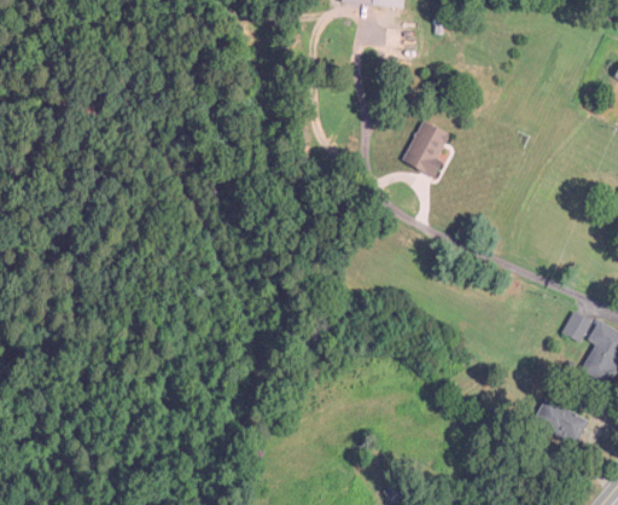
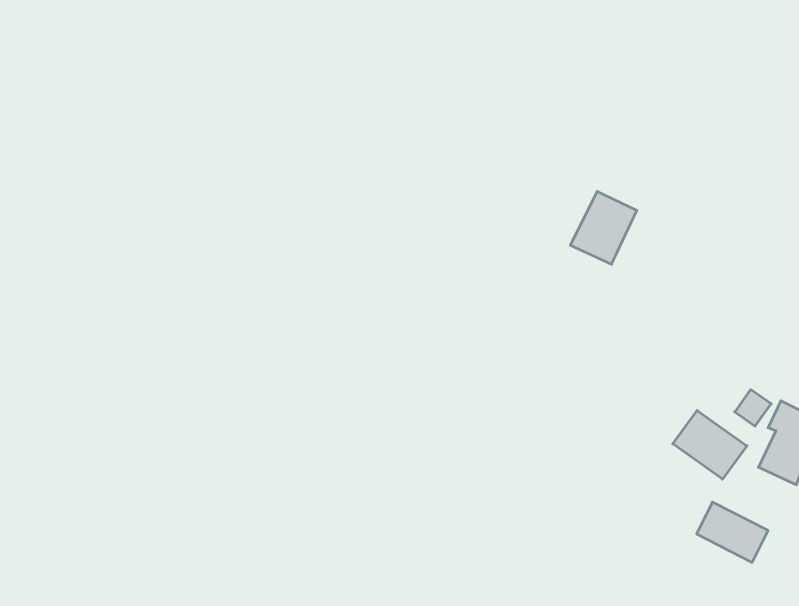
building: [402,120,453,175] -> [570,191,637,264]
building: none -> [673,410,747,479]

